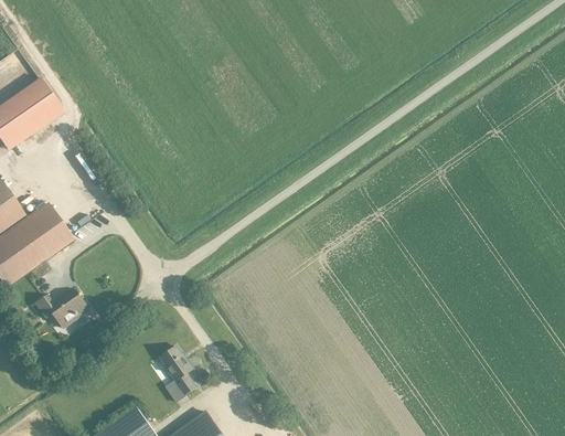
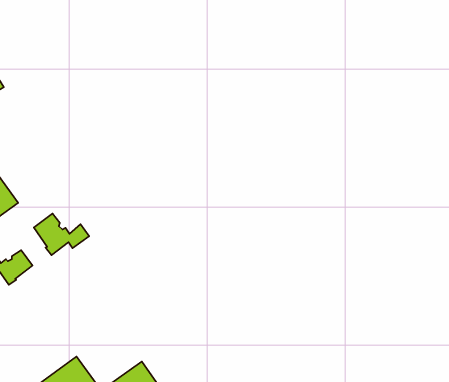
building: none -> [34,214,89,255]
building: [160,345,196,400] -> none

